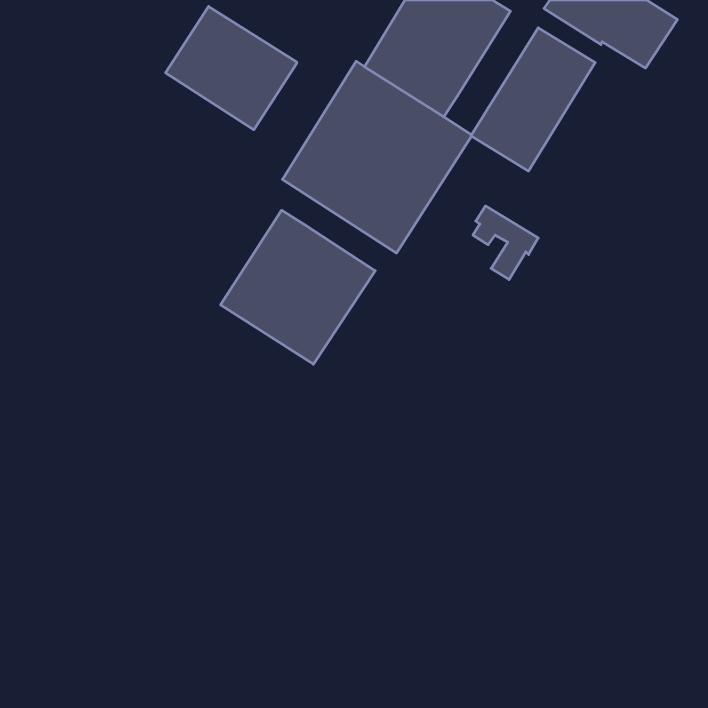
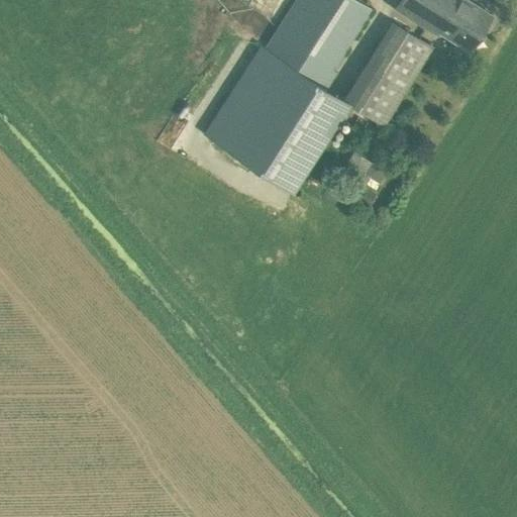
building: [166,6,297,130] -> none
building: [221,210,375,364] -> none

